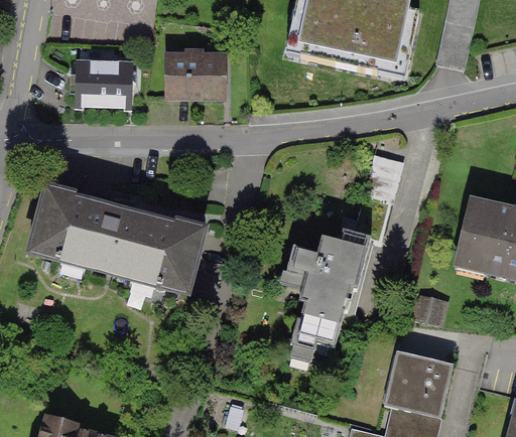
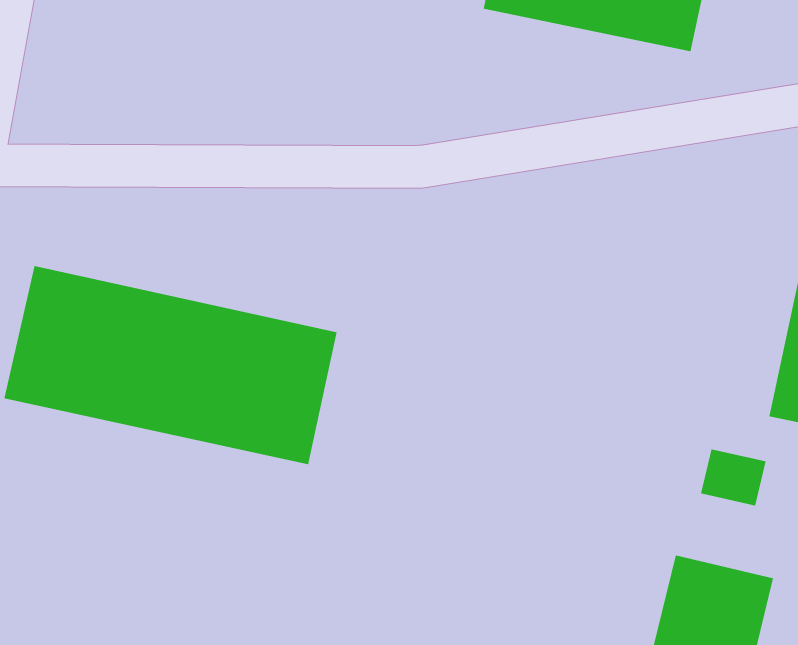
building: [165,49,230,105] -> none
building: [78,60,131,105] -> none
building: [285,224,371,351] -> none

